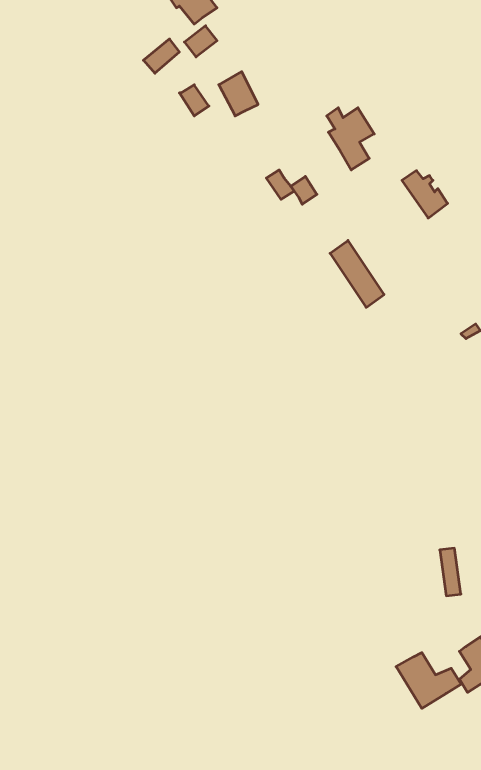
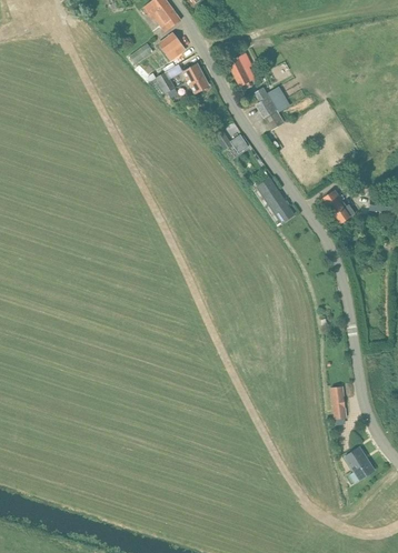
building: none -> [228,52,256,90]
building: [402,171,448,218] -> [324,191,355,223]
building: [396,653,461,708] -> none

